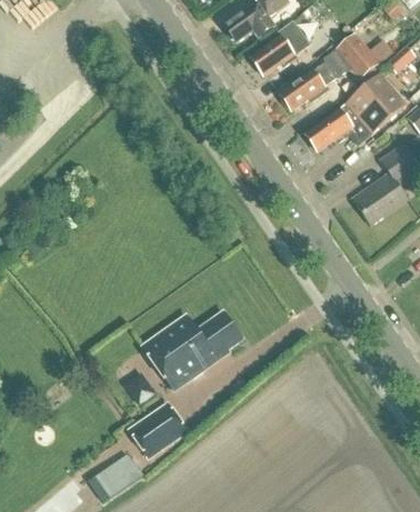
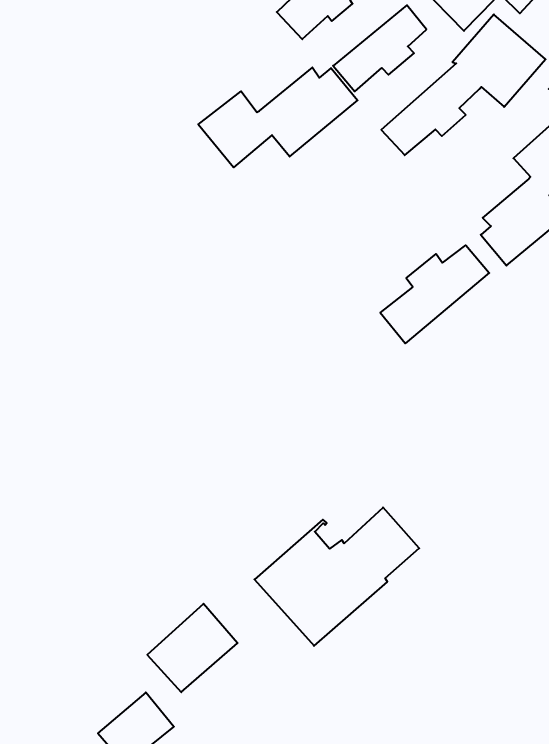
building: none -> [198,67,358,167]
building: none -> [380,245,489,343]
building: [142,311,242,389] -> [254,507,419,646]

